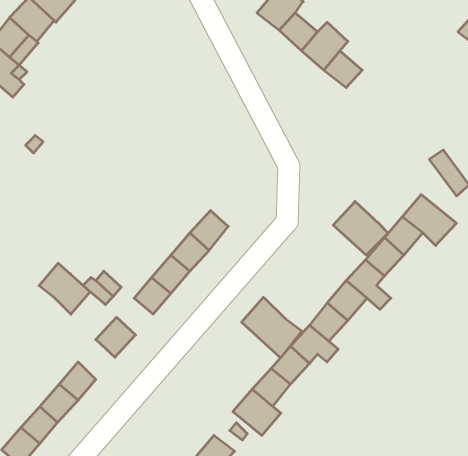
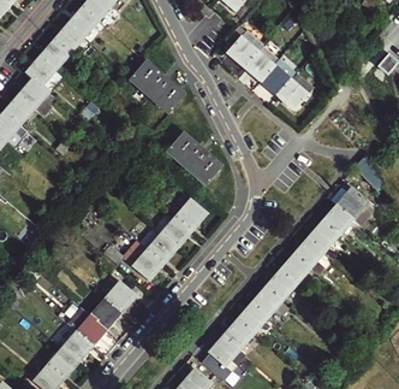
building: none -> [130,60,183,110]
building: none -> [168,132,220,182]
building: [333,201,388,255] -> none
building: [39,263,90,314] -> [81,289,119,328]
building: [242,297,302,358] -> none

